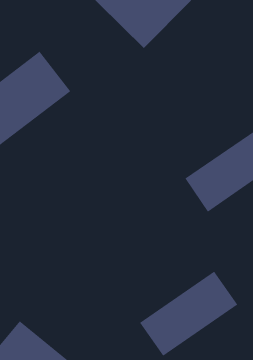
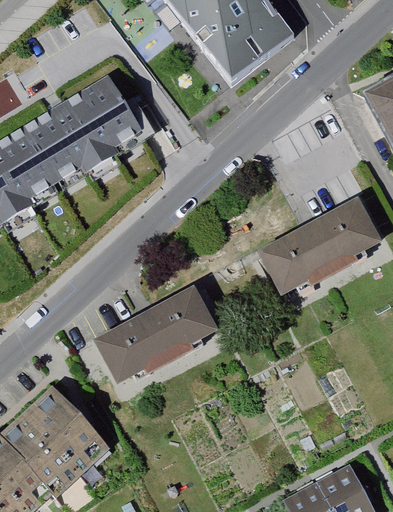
building: [139,271,238,356] -> [97,288,218,382]

